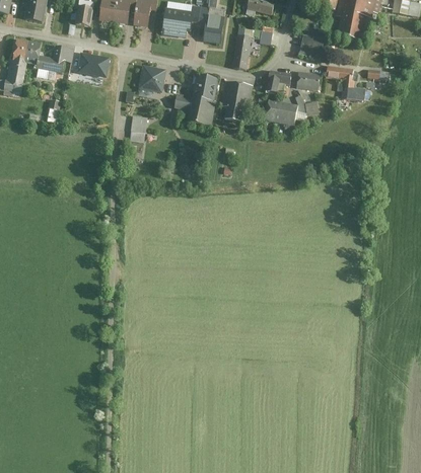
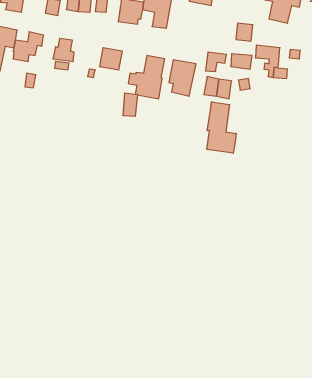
building: [232,34,252,69] -> none
building: [129,113,147,141] -> [123,93,138,116]
building: none -> [207,102,236,153]

